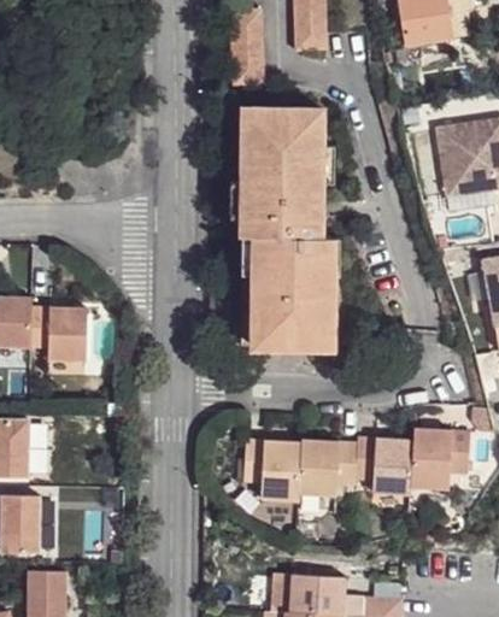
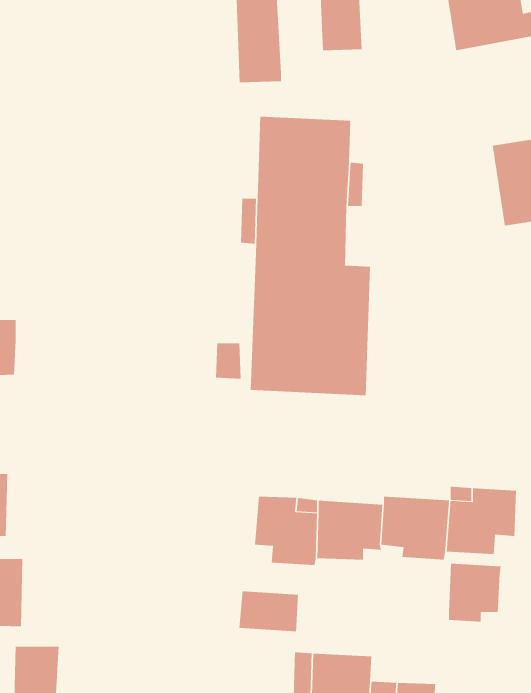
building: [33,305,86,360] -> none
building: none -> [448,563,501,622]
building: none -> [239,591,299,632]

